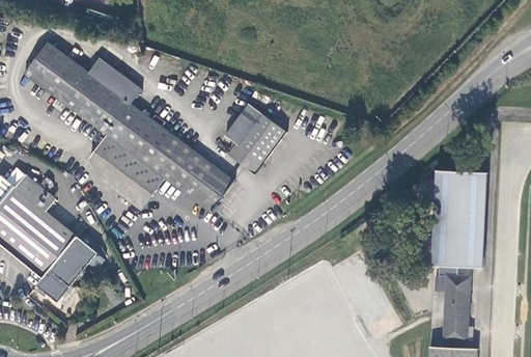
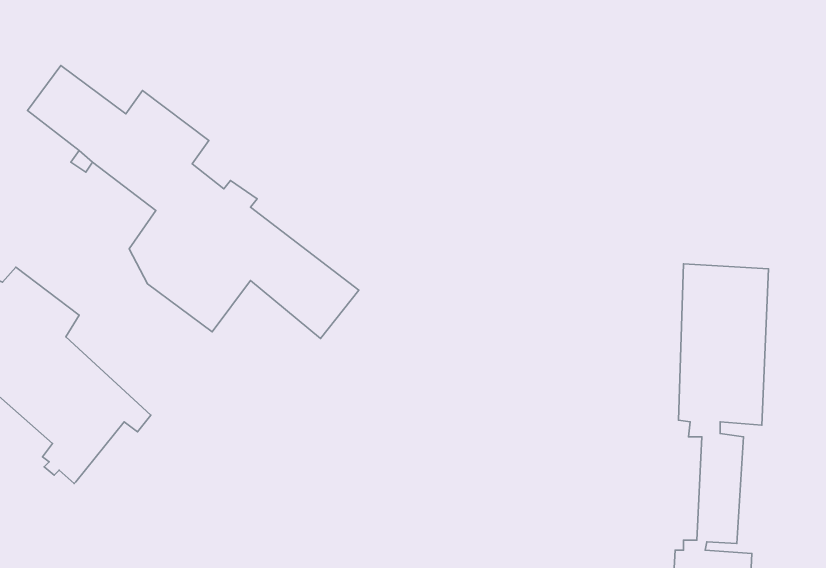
building: [225,104,284,174] -> none

